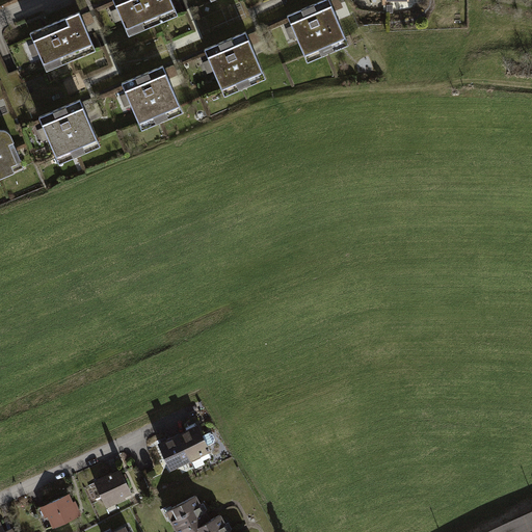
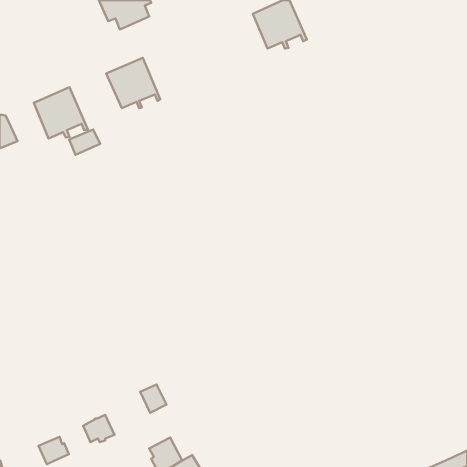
building: [29,14,89,70] -> none
building: [204,33,265,91] -> none
building: none -> [69,129,100,155]
building: [178,428,214,460] -> none

